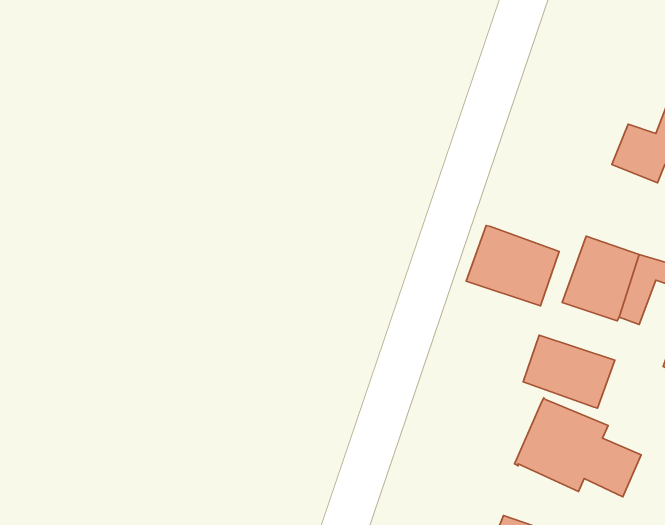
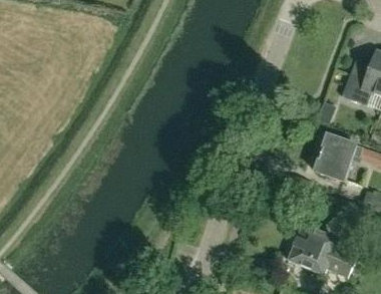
building: [466,226,559,306] -> none
building: [523,335,615,408] -> none

